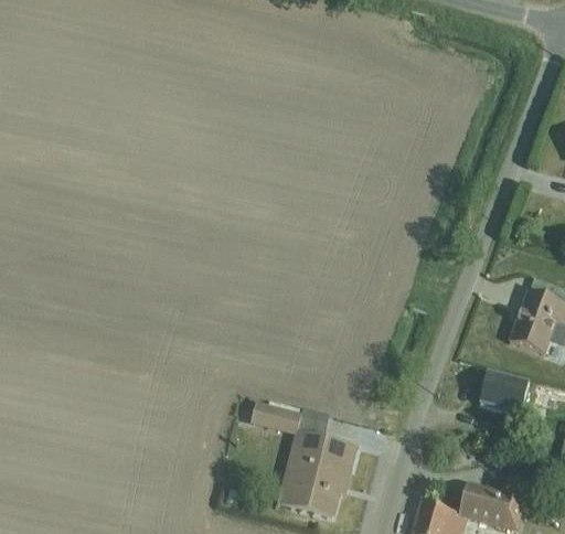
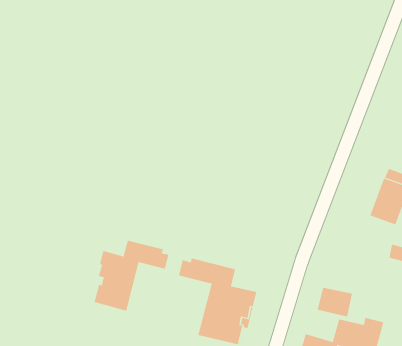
building: [480,373,529,414] -> [317,287,353,317]
building: none -> [94,240,169,311]

